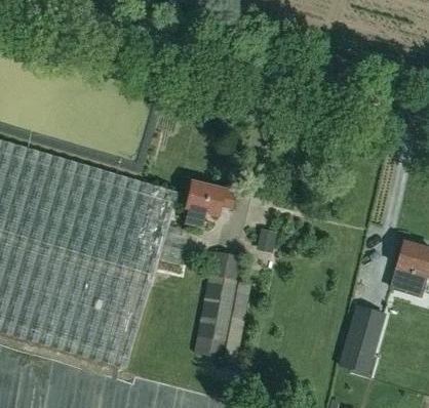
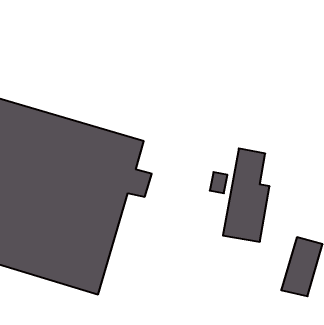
building: [185,181,234,226] -> none
building: [193,249,247,358] -> [223,148,270,242]

